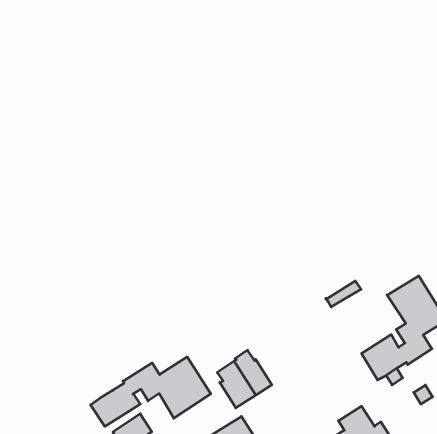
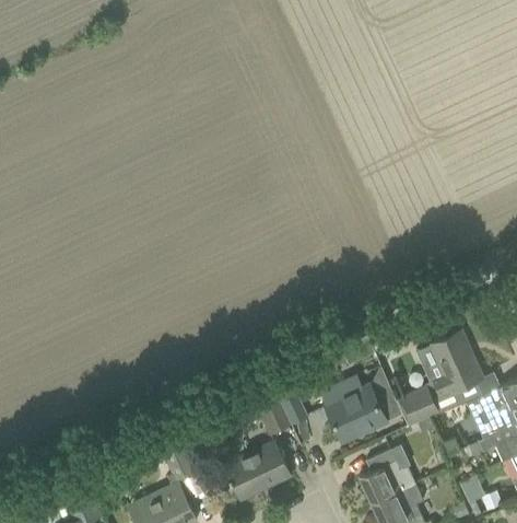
building: none -> [321,368,401,442]
building: [91,357,211,426] -> none

